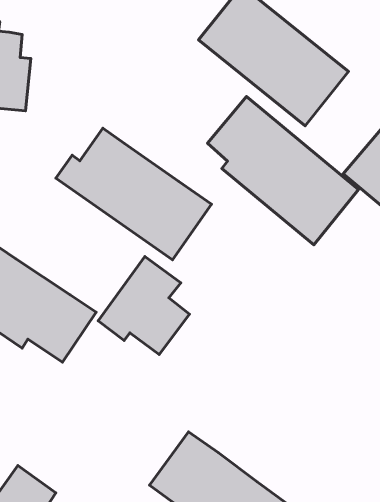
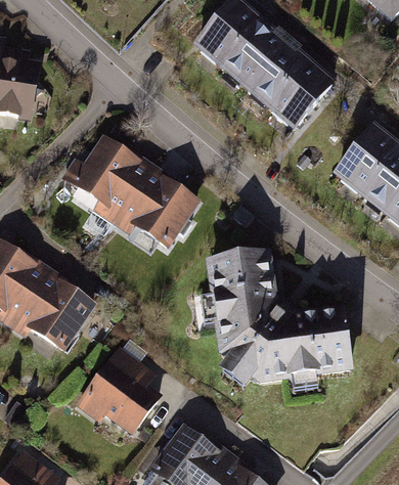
building: [207,97,358,245] -> none
building: none -> [205,250,352,391]
building: [98,257,190,355] -> [74,344,160,436]

